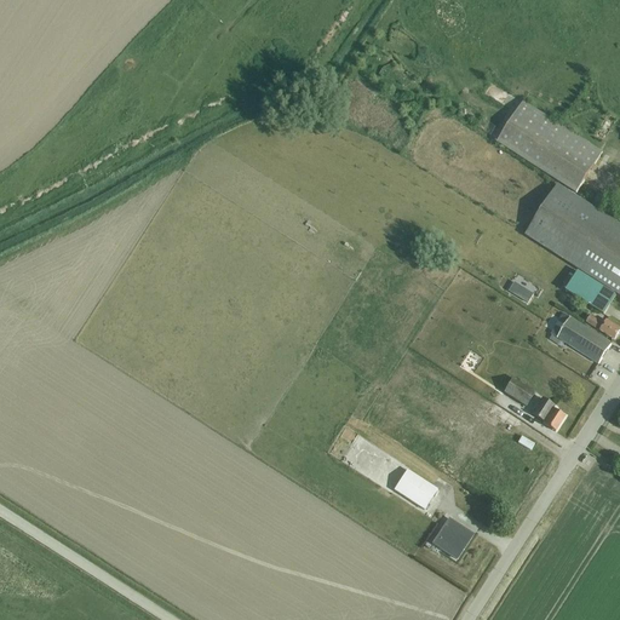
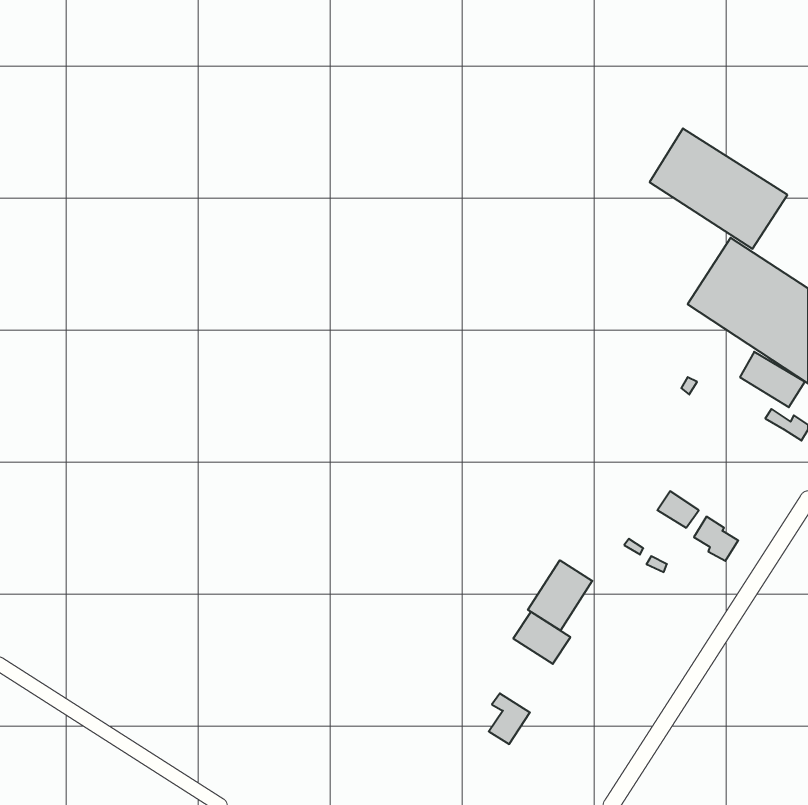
building: [550,310,610,362] -> none
building: none -> [528,560,592,630]
building: [440,517,471,556] -> [489,693,530,744]

